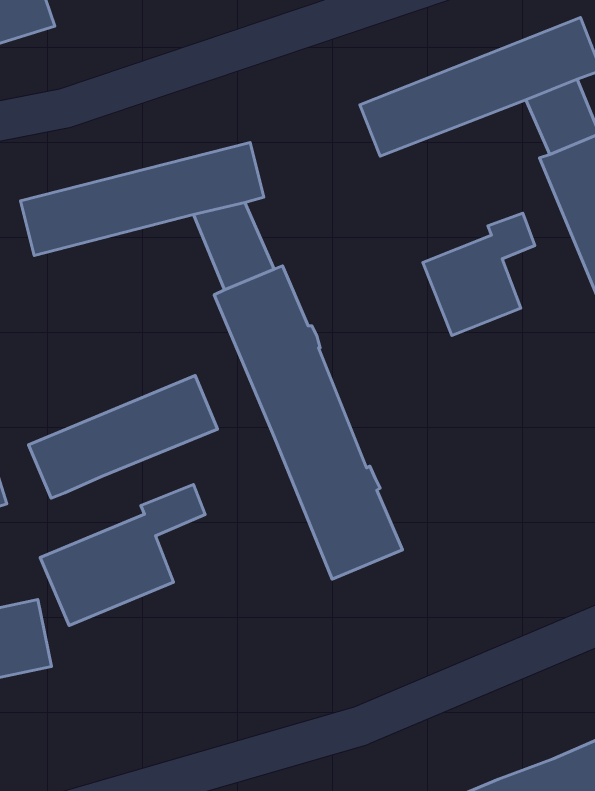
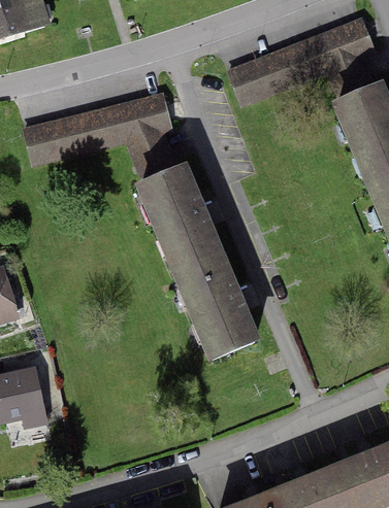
building: [423,213,535,336] -> none
building: [29,376,218,498] -> none
building: [40,484,205,625] -> none

